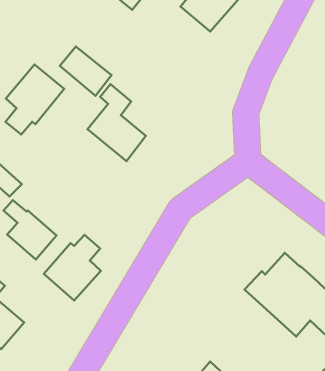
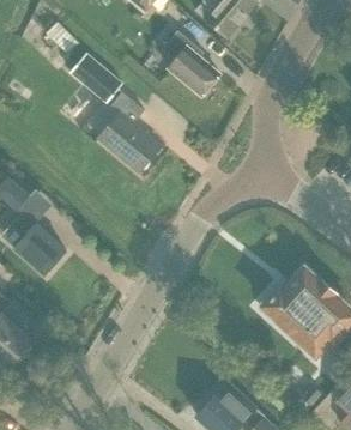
building: none -> [162,30,219,96]
building: [6,64,64,134] -> none
building: [44,235,101,301] -> none

